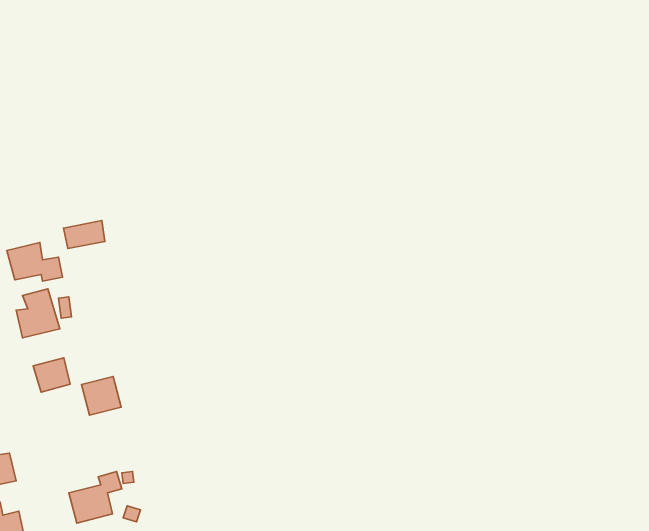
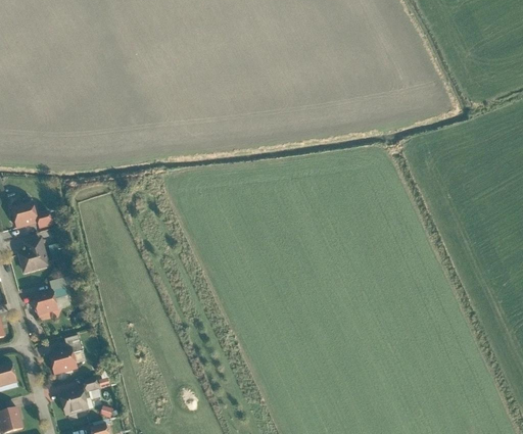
building: [63,221,105,249] -> none
building: [82,377,121,415] -> [48,346,79,376]

